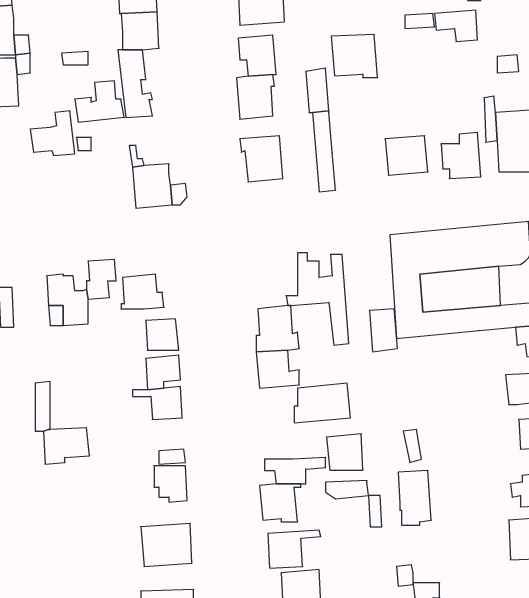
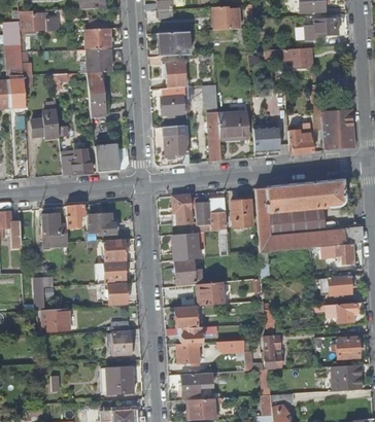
building: [331,35,378,77] -> [218,110,247,137]
building: [75,81,124,122] -> [63,148,94,174]
building: none -> [175,194,193,223]
building: [369,309,397,352] -> [236,200,253,226]
building: [327,434,363,470] -> [173,305,196,327]

